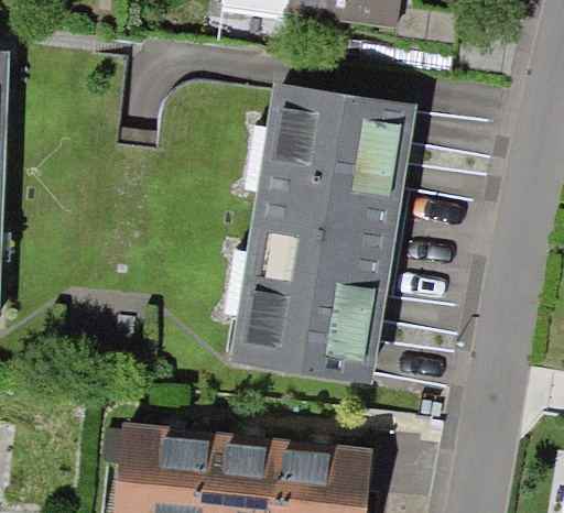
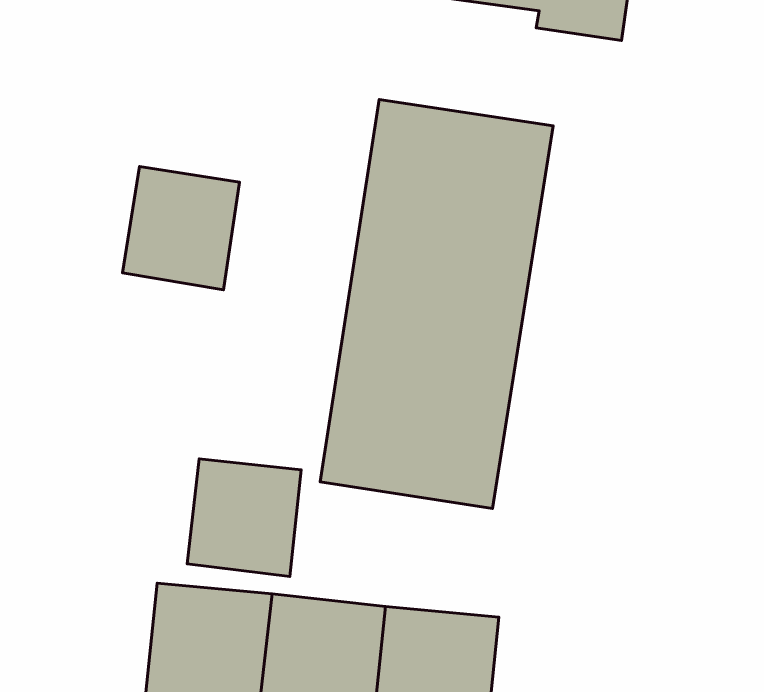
building: none -> [123,167,239,290]
building: none -> [187,459,301,576]

